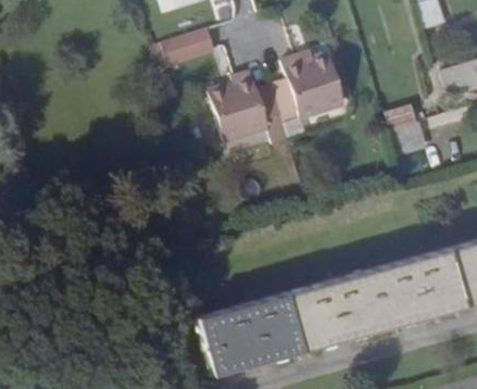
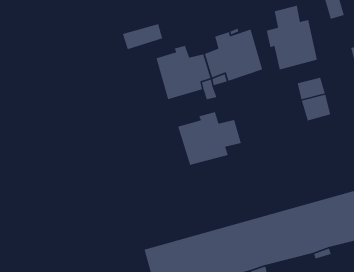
building: none -> [266,5,318,71]
building: none -> [177,111,242,166]

